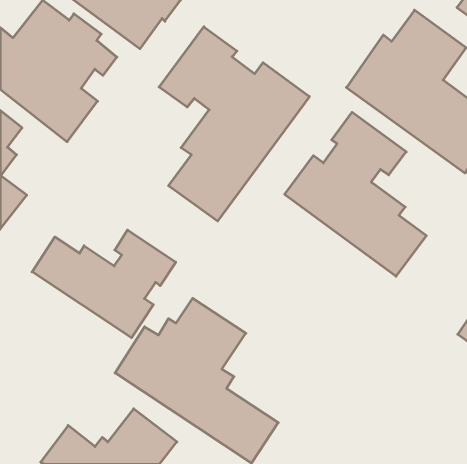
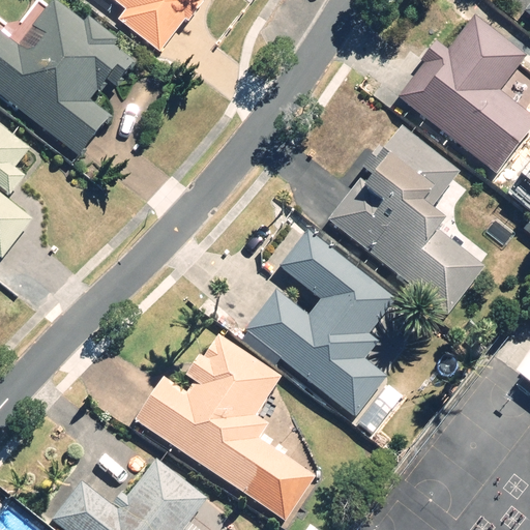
building: [159,27,309,221] -> none
building: none -> [244,220,399,430]
building: [32,230,176,338] -> none

